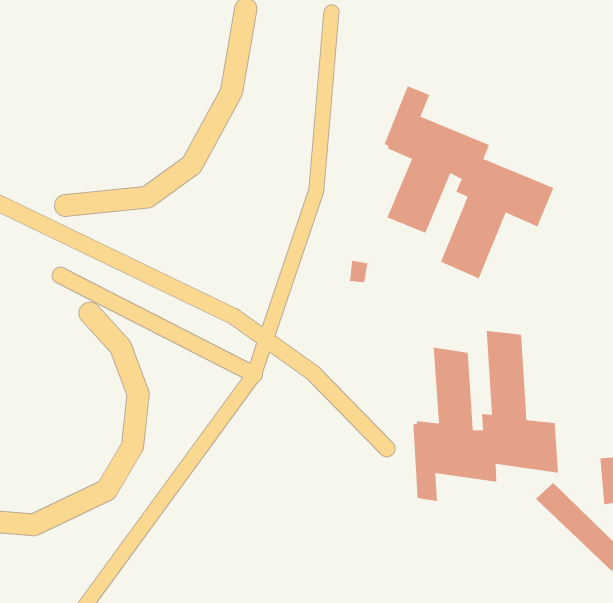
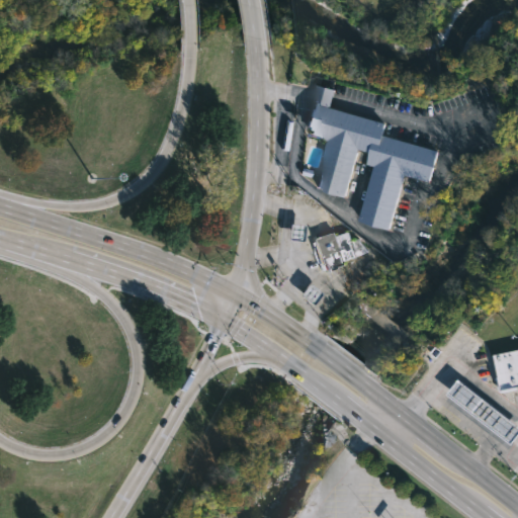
building: none -> [317,231,367,270]
building: [413,330,558,502] -> none

